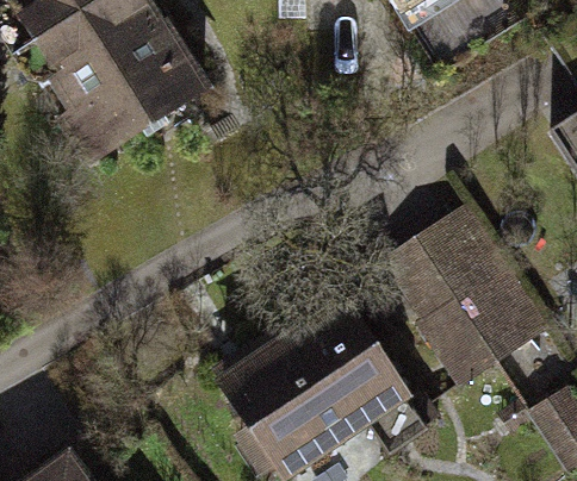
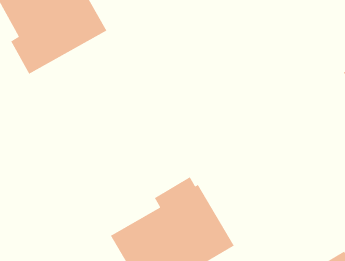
building: [381,207,546,385] -> none

